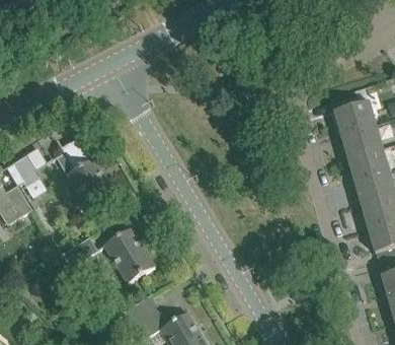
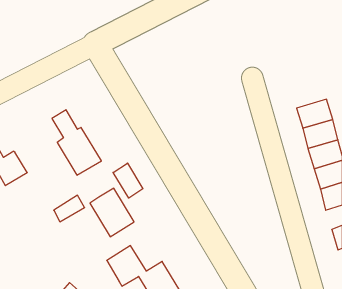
building: [334,100,376,135] -> none
building: [7,155,41,186] -> none
building: none -> [113,163,143,198]

